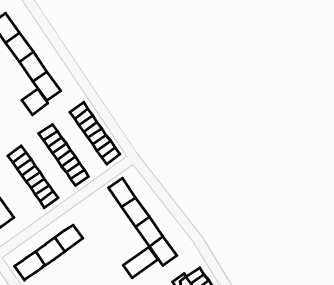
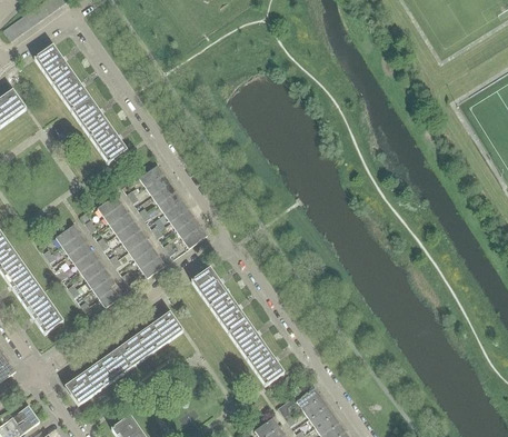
building: [22,89,48,115] -> none
building: none -> [143,311,182,348]
building: [123,247,158,278] -> none

